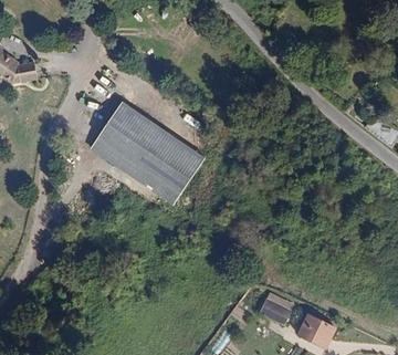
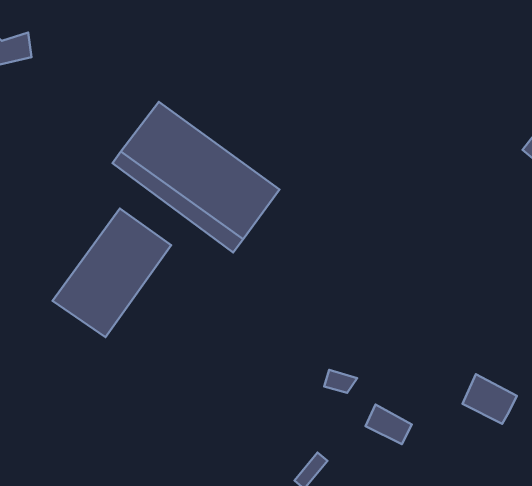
building: none -> [53,209,171,337]
building: [298,316,335,349] -> [462,374,517,424]

